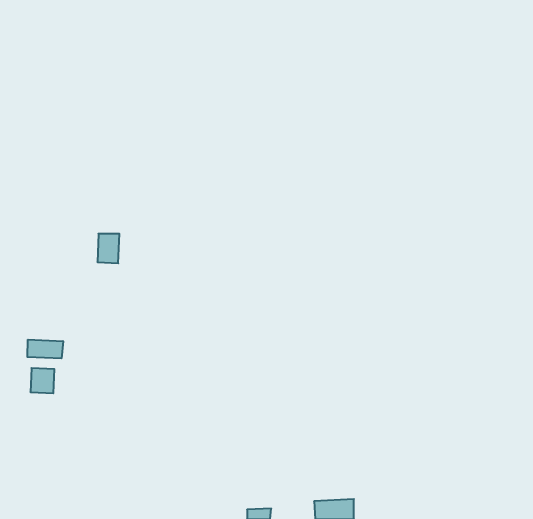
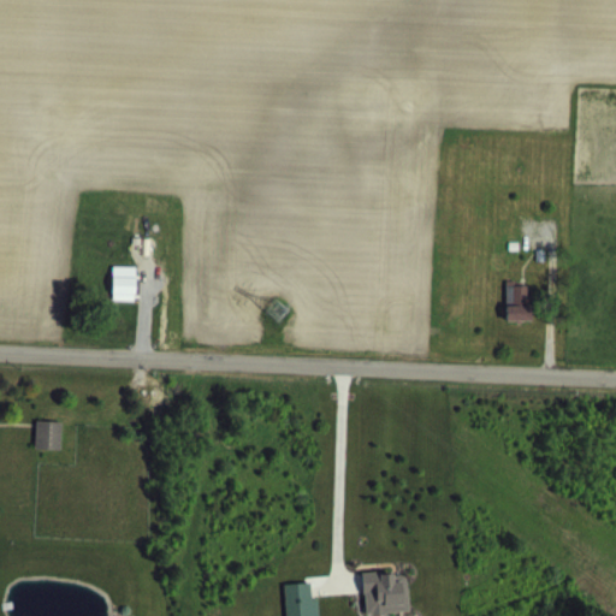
building: none -> [505,284,531,322]
building: [27,340,63,358] -> none

